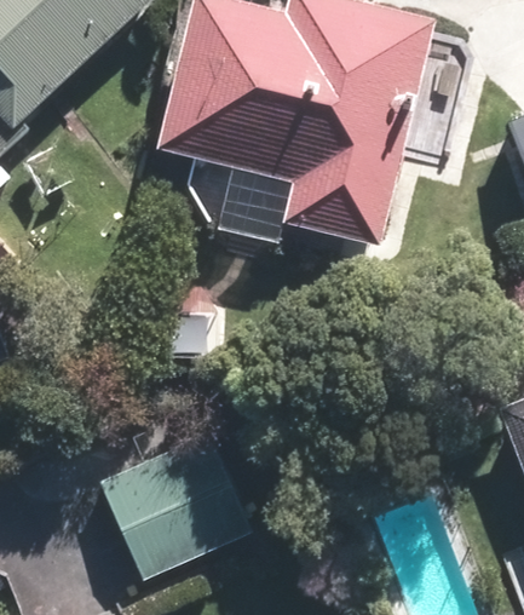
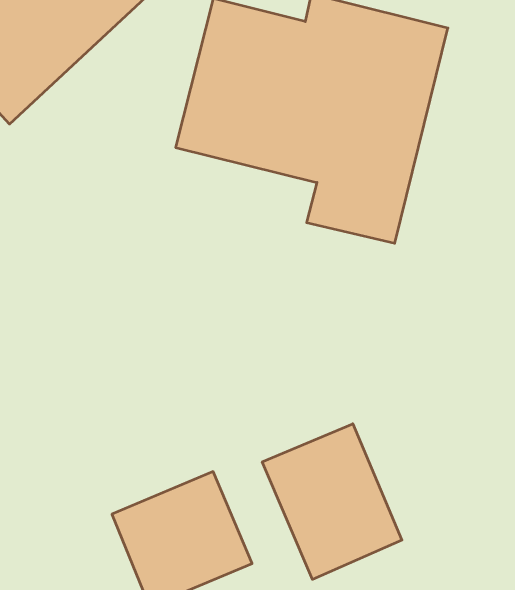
building: none -> [262,424,402,579]

